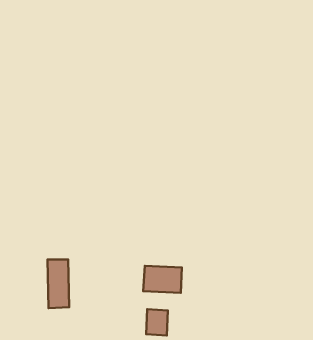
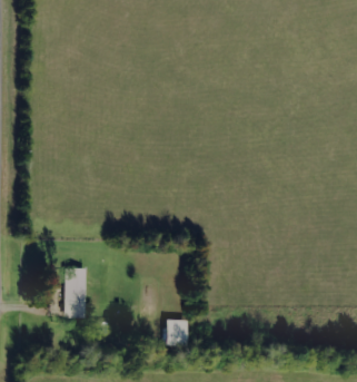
building: [143,266,182,293] -> none

